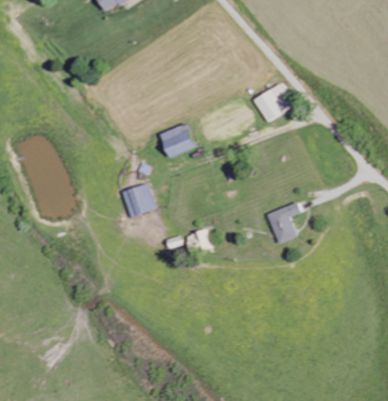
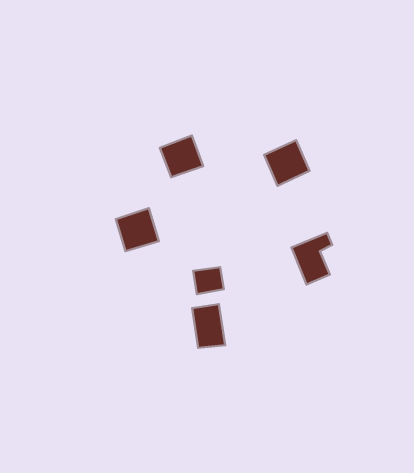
building: [253,84,290,121] -> [264,140,310,186]
building: none -> [192,304,225,348]

